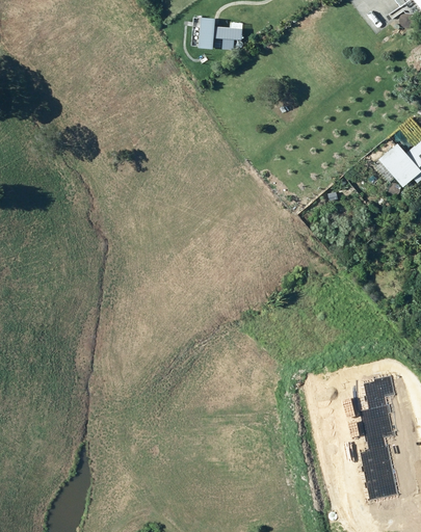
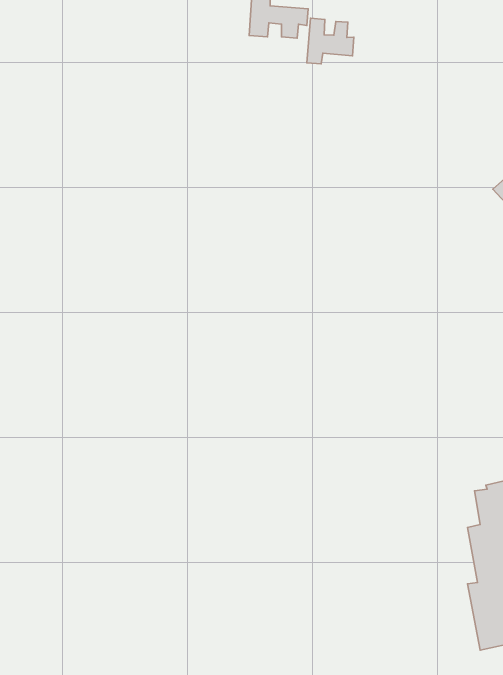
building: none -> [307,18,354,64]

